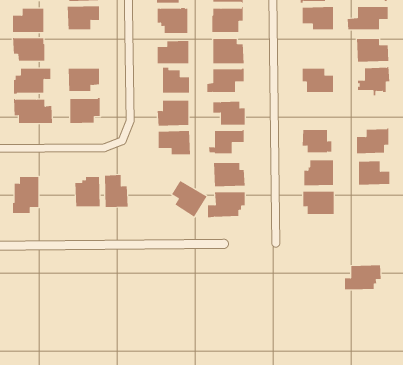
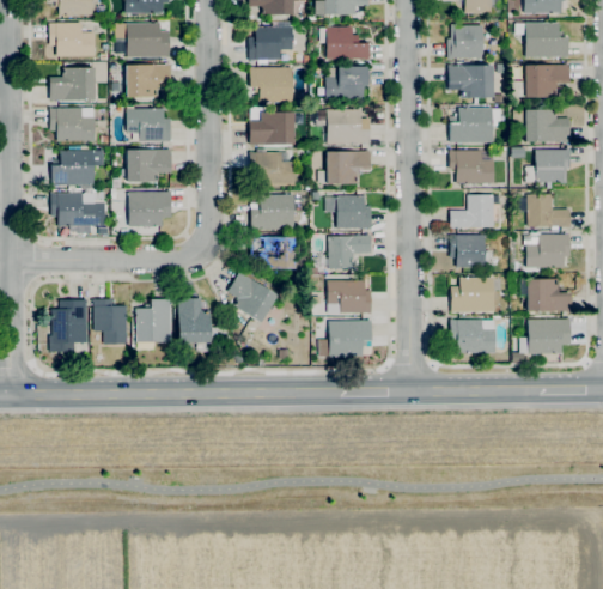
building: none -> [127,108,171,141]
building: none -> [450,108,493,142]
building: none -> [519,193,571,230]
building: none -> [451,195,494,226]
building: none -> [93,298,127,344]
building: [171,180,208,217] -> [229,272,279,323]
building: [344,265,382,290] -> [520,318,572,353]

